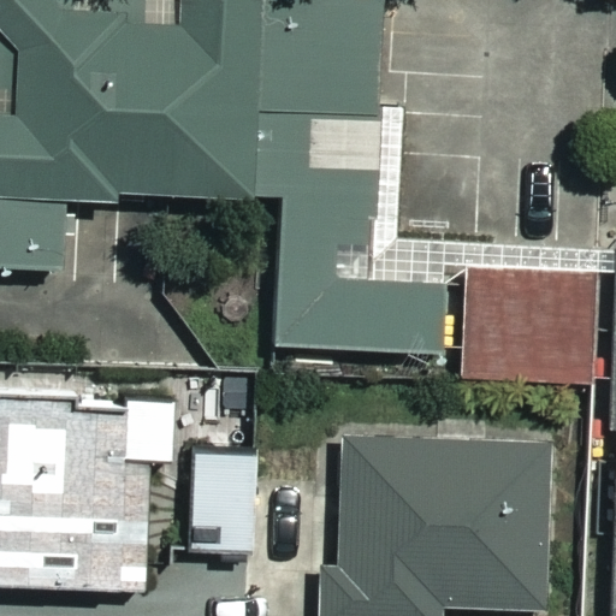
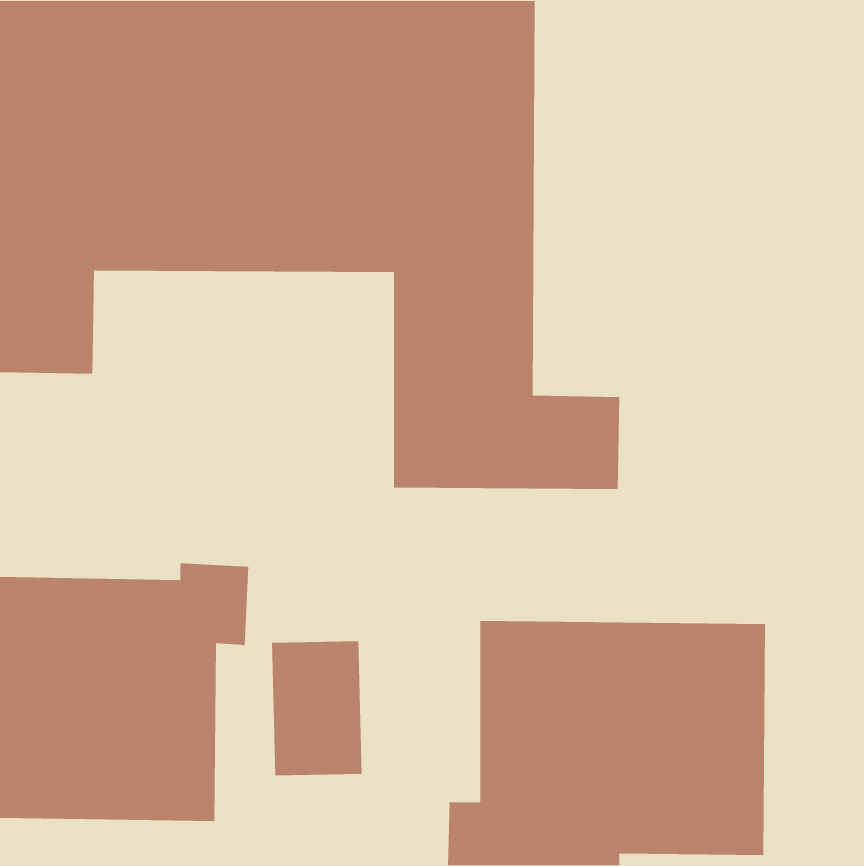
building: [462,272,597,377] -> none

